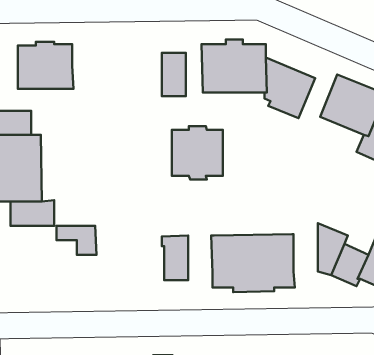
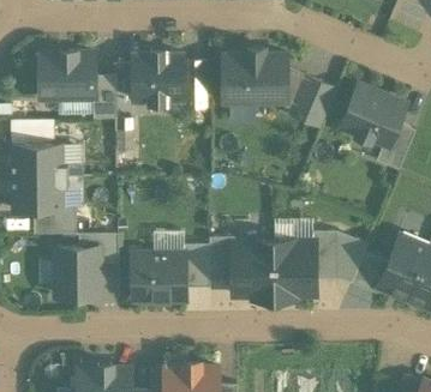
building: none -> [94,76,116,119]
building: [172,126,223,179] -> [133,50,184,103]
building: none -> [313,231,339,279]
building: none -> [210,237,235,281]
building: none -> [56,248,100,296]
building: none -> [133,254,186,300]

